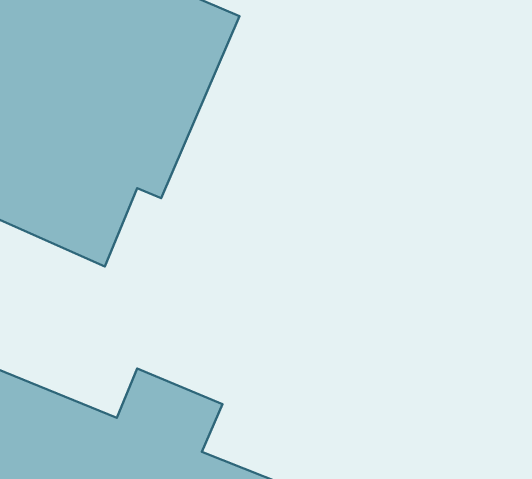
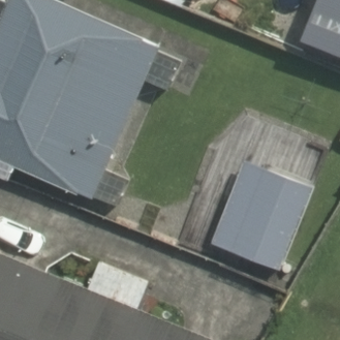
building: none -> [209,160,311,268]

